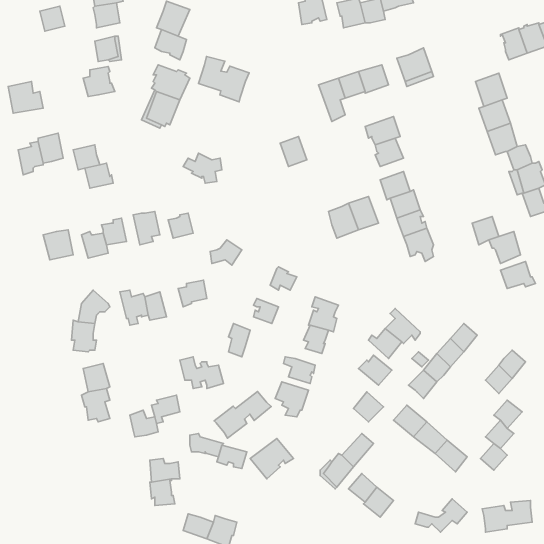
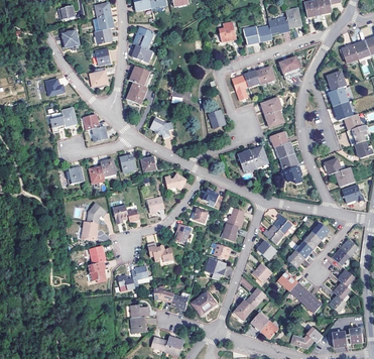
building: [199,56,249,102] -> none
building: [214,391,271,438] -> none

